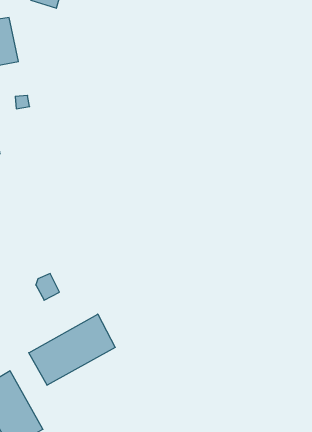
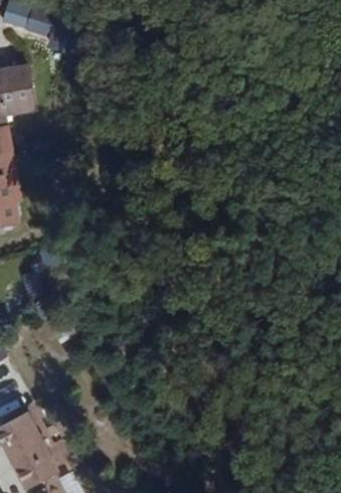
building: [29,314,115,385] -> none

